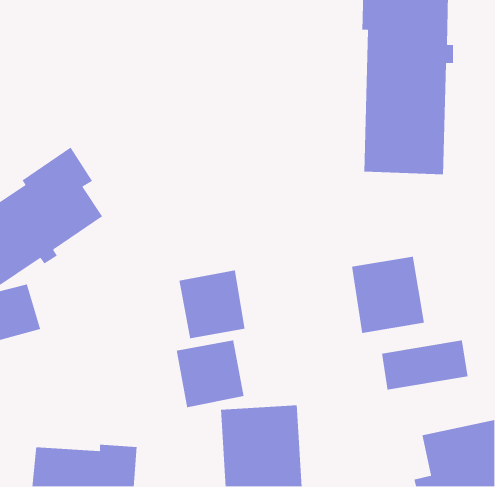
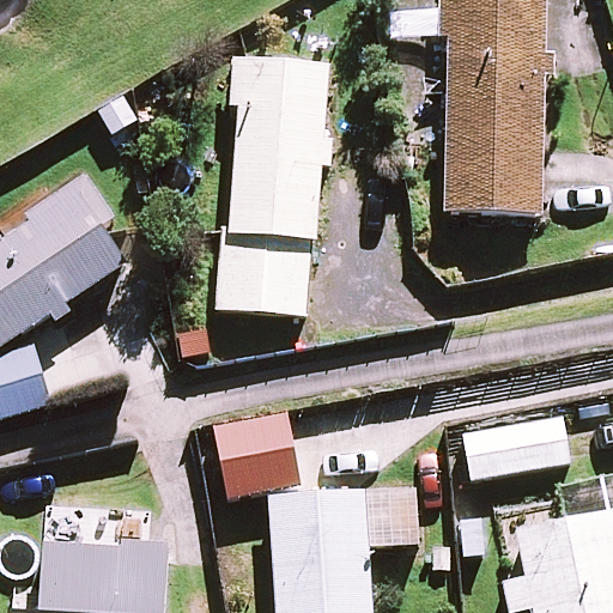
building: none -> [213,59,332,314]
building: [351,256,425,334] -> none
building: [179,270,245,339] -> none

